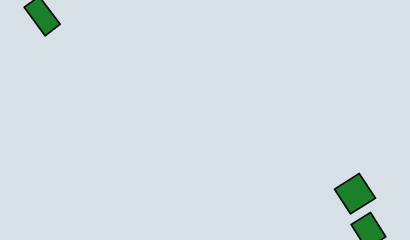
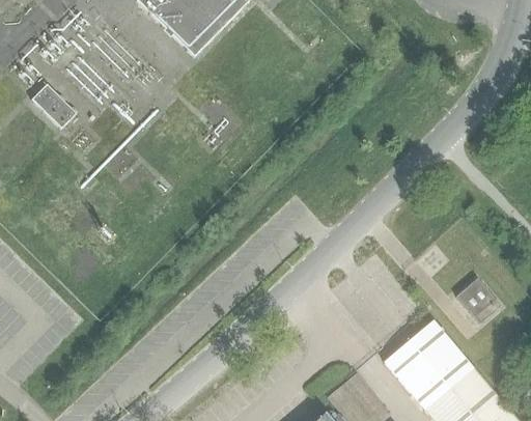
building: [334,173,375,214] -> none

